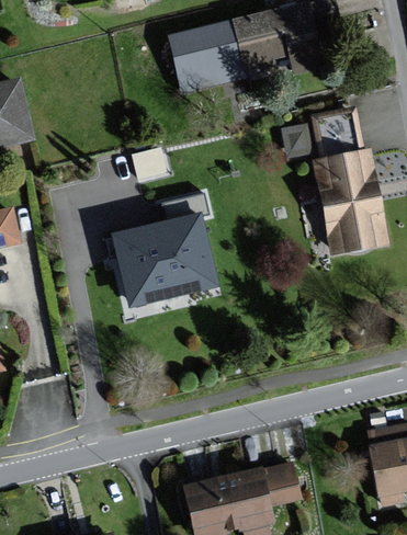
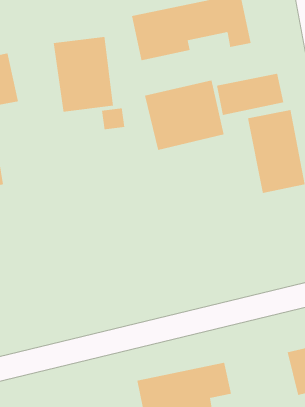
building: none -> [53,36,113,112]
building: [114,217,214,305] -> [144,80,225,150]

